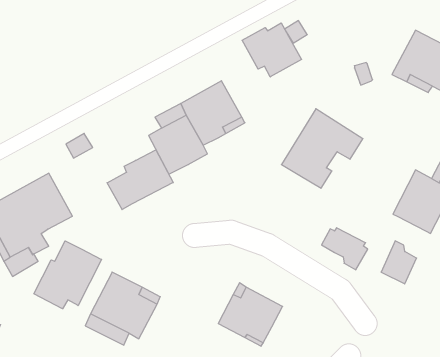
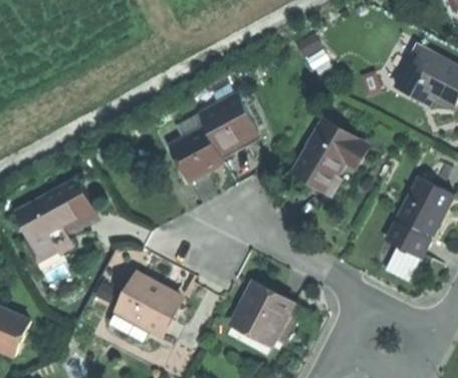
building: [242,23,302,77] -> none
building: [107,150,173,210] -> none
building: [322,228,368,270] -> [388,219,431,258]
building: [34,241,102,309] -> none

